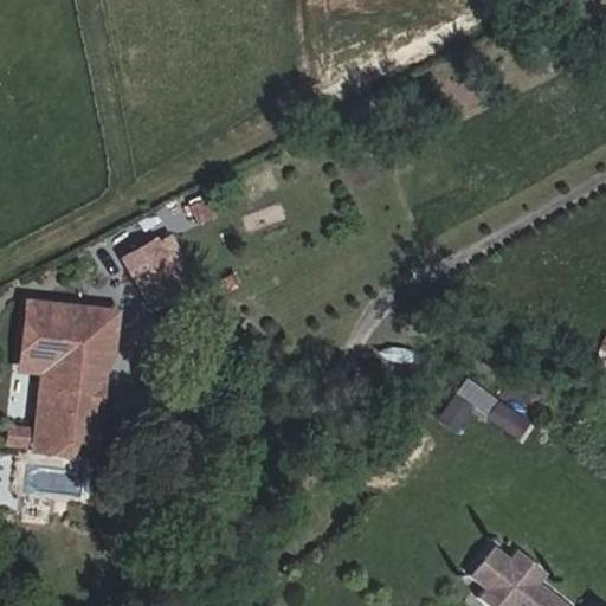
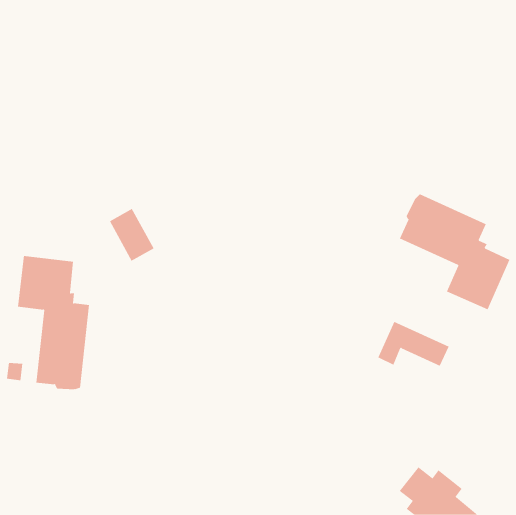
building: none -> [399,194,510,310]
building: [83,307,110,357] -> none

